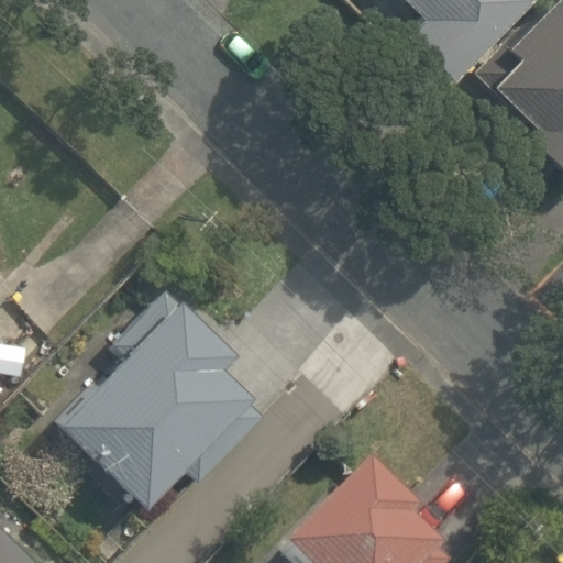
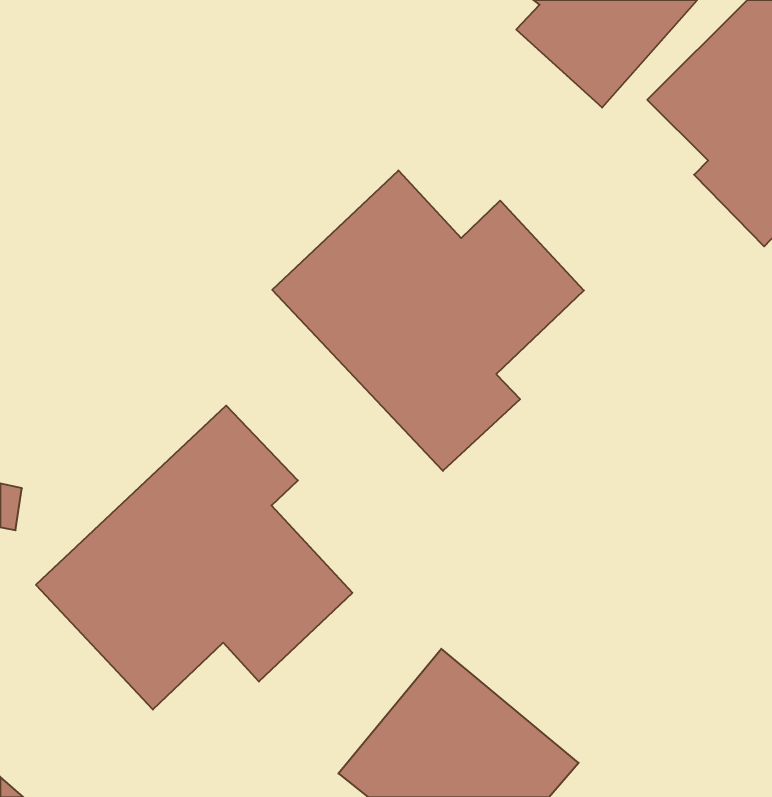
building: none -> [272,170,584,471]

